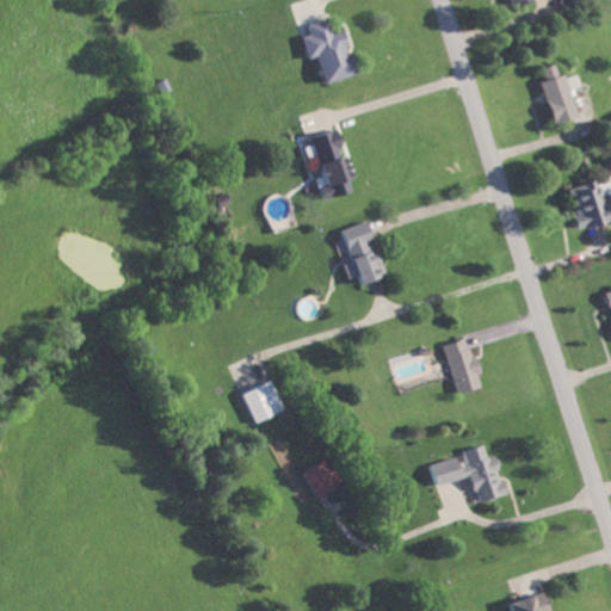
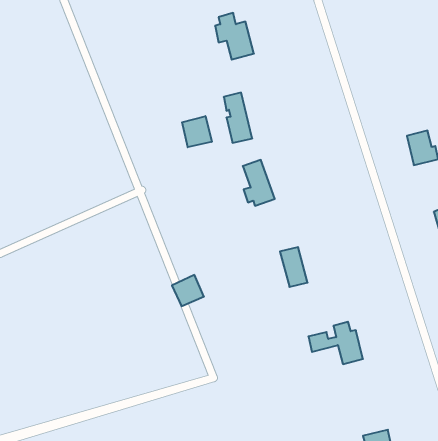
building: [539,64,574,124] -> none
building: none -> [182,116,212,147]
building: [444,339,482,394] -> [280,247,308,287]
building: [304,462,338,498] -> none

